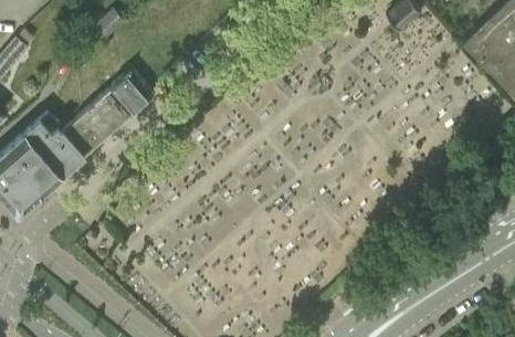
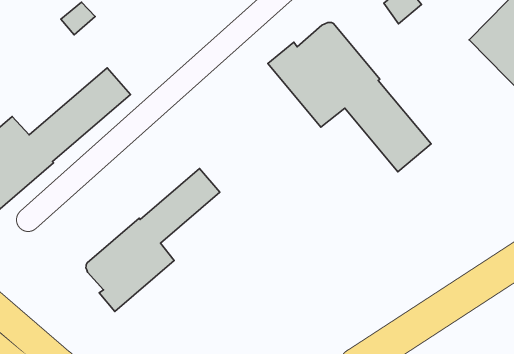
building: none -> [268,23,431,172]
building: none -> [86,168,220,312]

